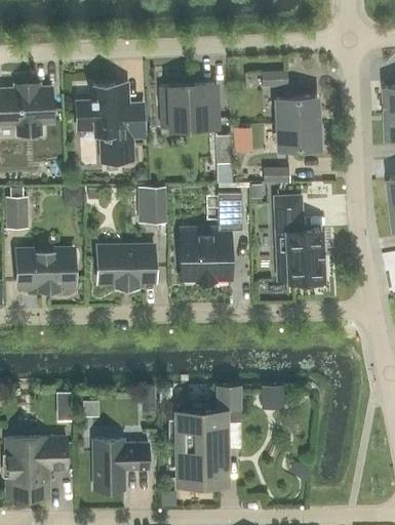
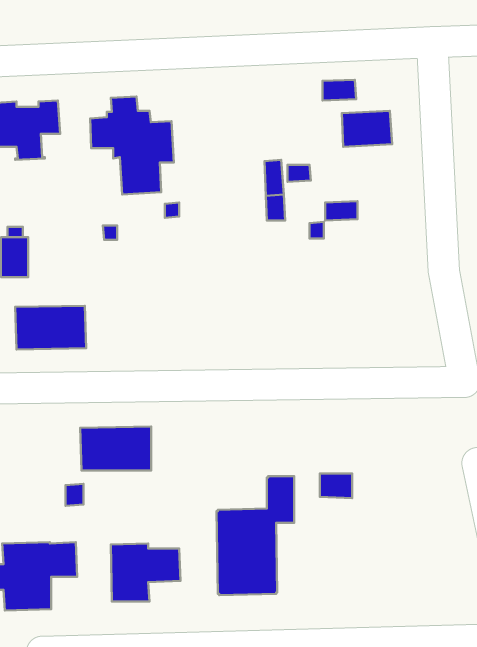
building: [160,85,218,129] -> none
building: [278,123,318,150] -> none
building: [148,187,166,224] -> none
building: [180,194,242,279] -> none
building: [275,198,323,283] -> none
building: [97,247,154,282] -> [80,427,151,470]

